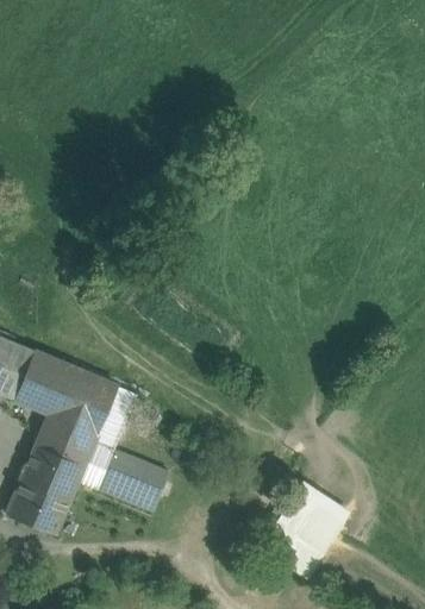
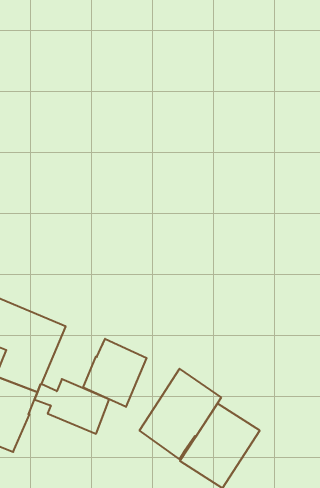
building: none -> [83,339,147,407]
building: none -> [140,369,221,459]

